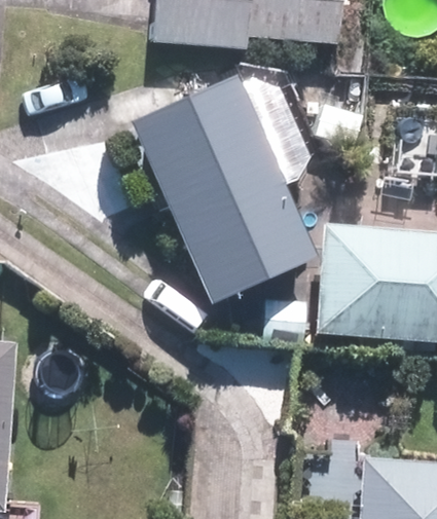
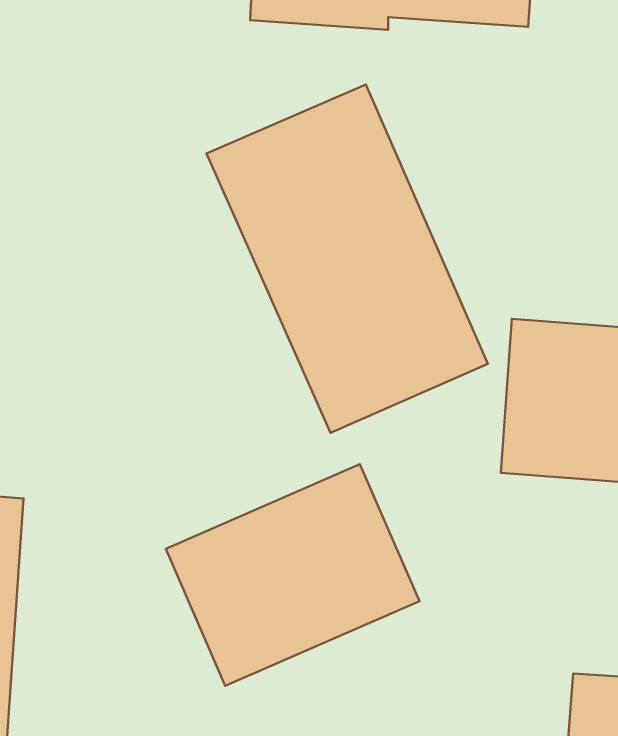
building: none -> [166,464,419,686]

